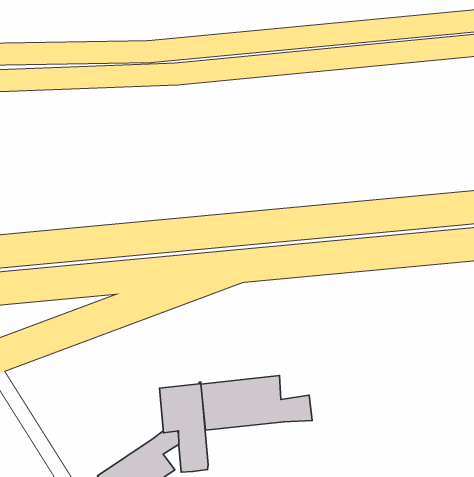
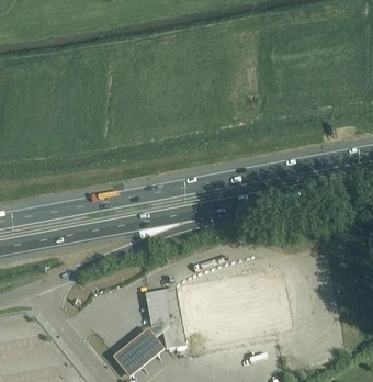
building: [201,376,312,430] -> none

